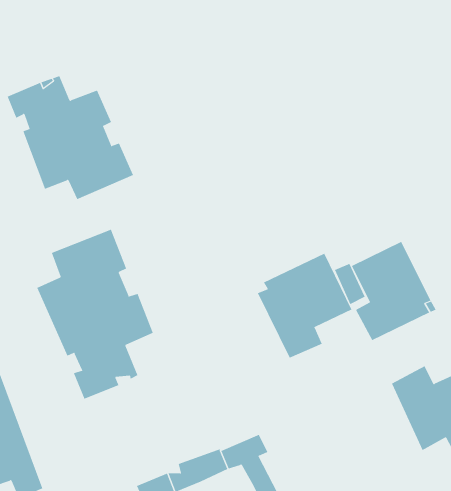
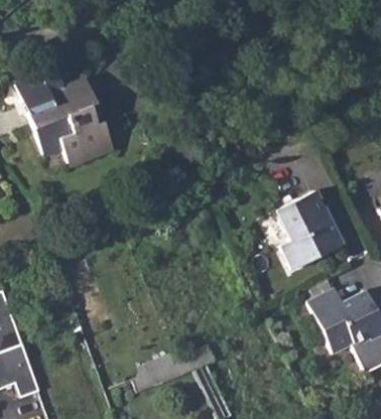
building: [36,229,153,400] -> none
building: [257,253,352,359] -> none

